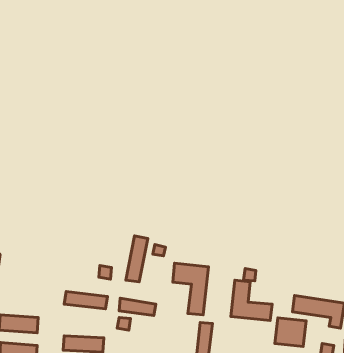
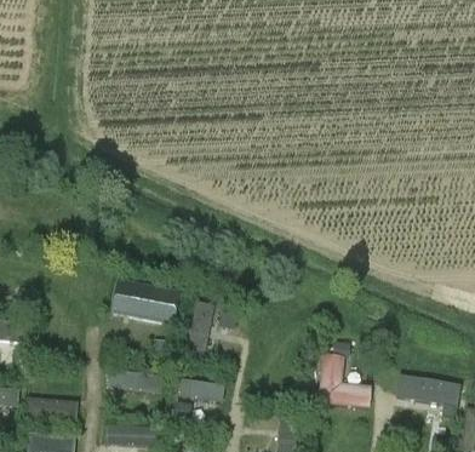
building: none -> [113,281,178,319]
building: [173,263,208,315] -> none
building: [275,318,306,346] -> none

